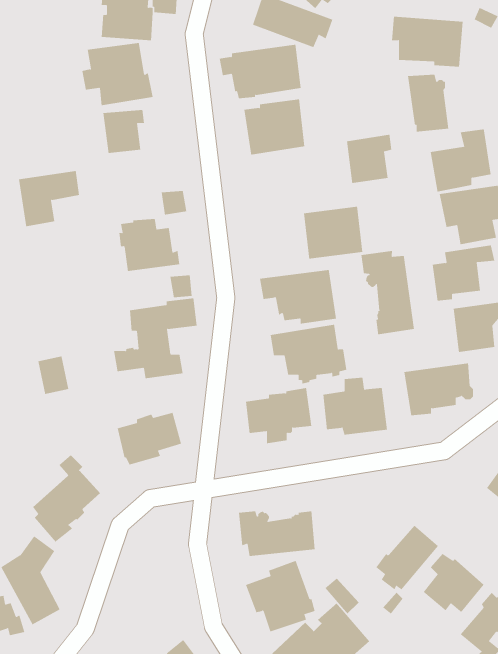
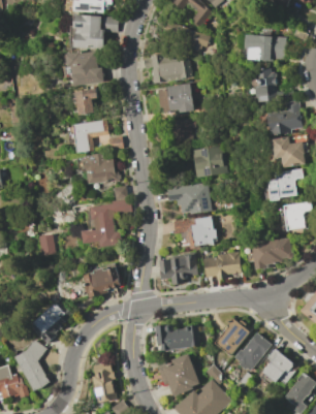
building: [346,134,392,183] -> [168,117,195,146]
building: [18,170,80,227] -> [72,120,108,153]
building: [361,250,414,335] -> none
building: none -> [214,318,250,356]
building: none -> [92,361,118,403]

